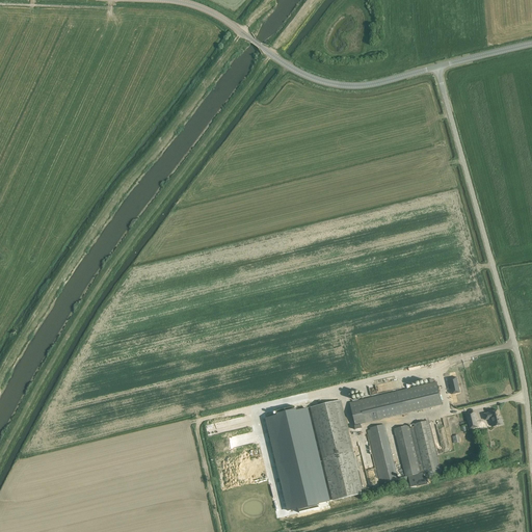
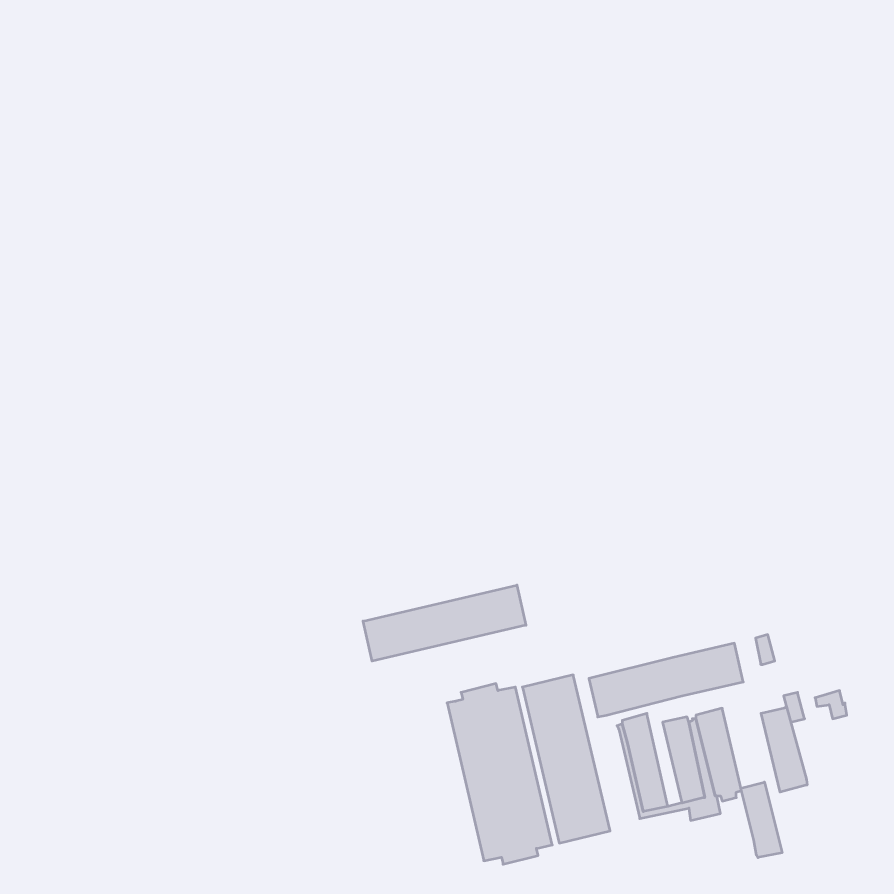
building: none -> [363,585,526,661]
building: none -> [761,707,807,792]
building: none -> [741,782,782,858]

